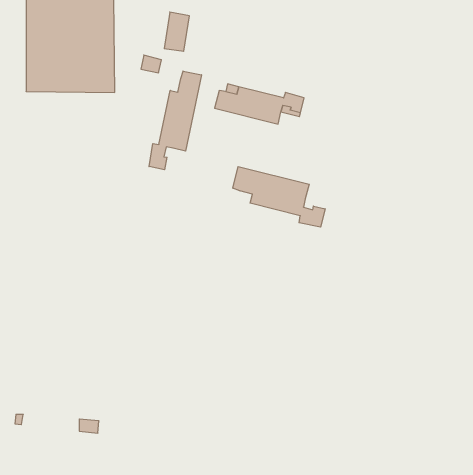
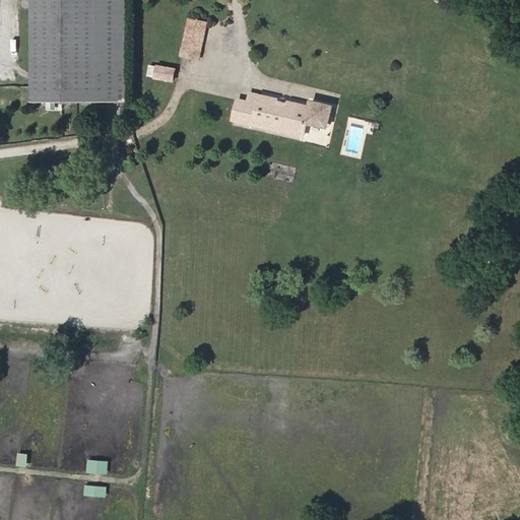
building: [149,71,201,170] -> none
building: [233,167,325,227] -> none

